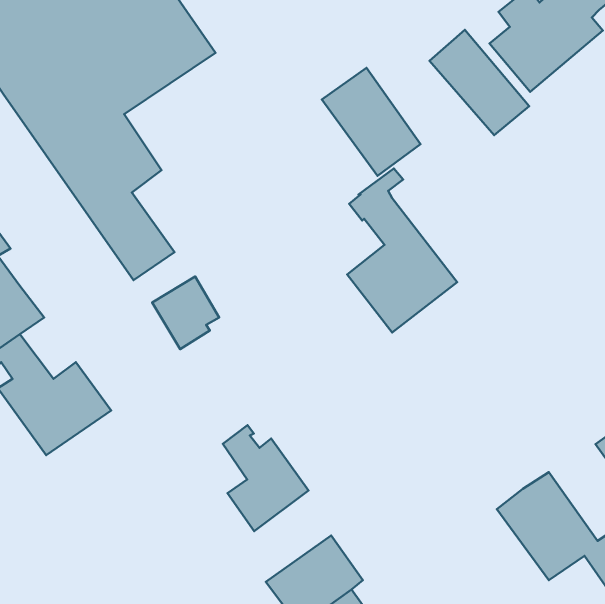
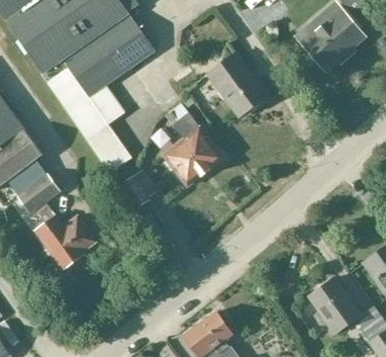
building: [430,30,529,135] -> none
building: [347,168,457,332] -> [164,95,223,184]
building: [223,425,308,531] -> none

